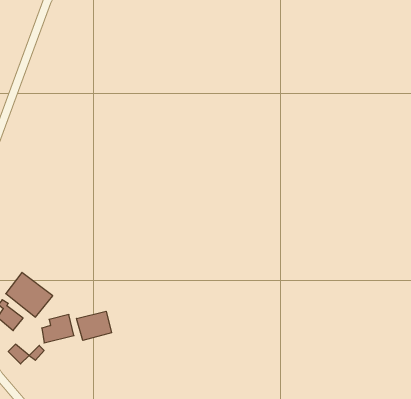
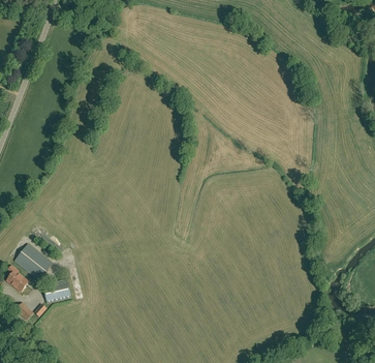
building: [77,311,112,340] -> none

